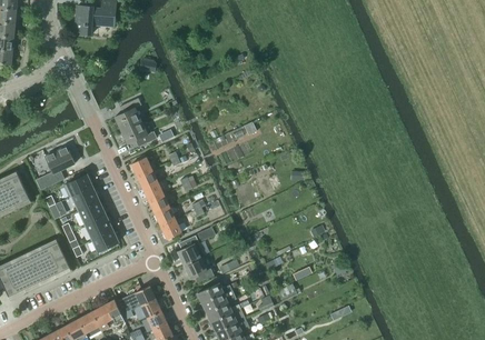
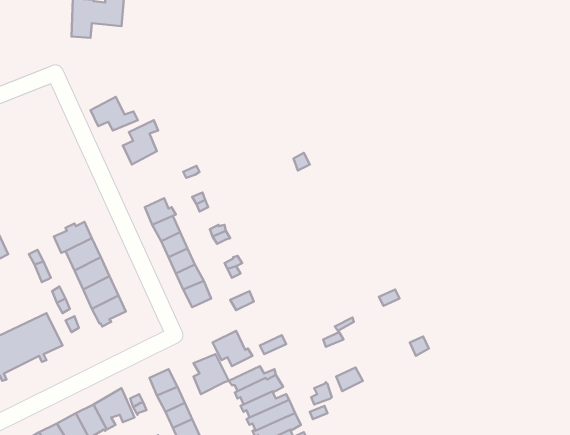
building: [121,121,157,147] -> [91,97,138,131]
building: [34,147,75,191] -> none
building: [177,236,204,266] -> [194,354,229,394]

